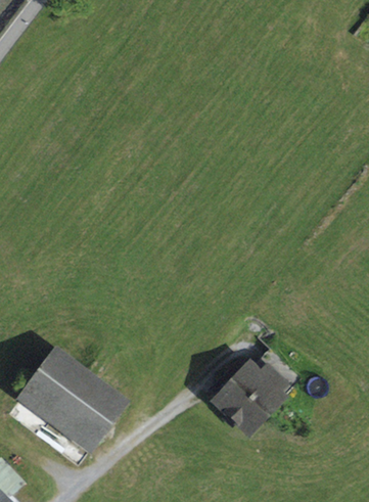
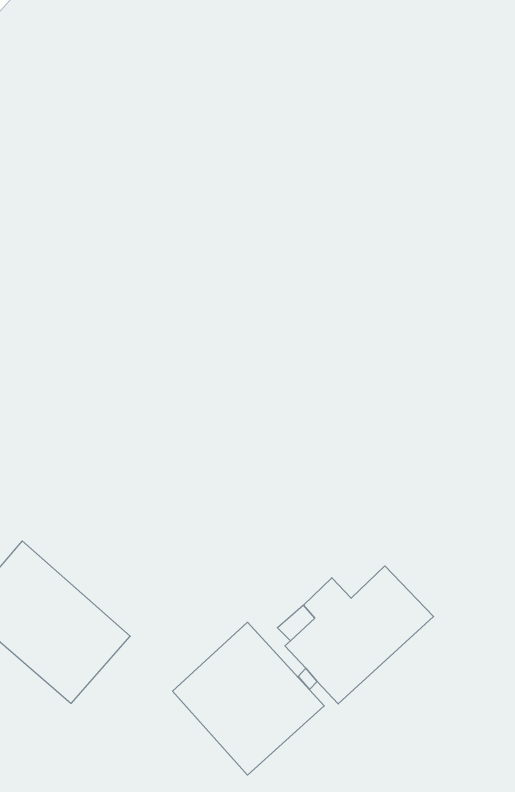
building: none -> [173,622,324,775]

